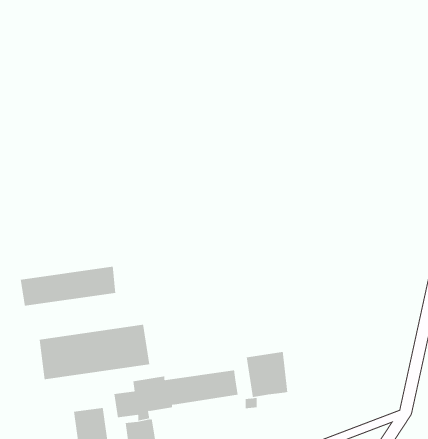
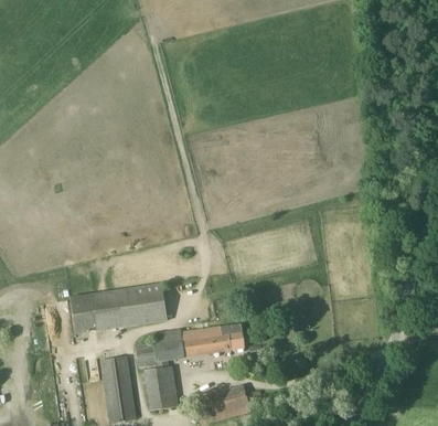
building: [20,266,116,306] -> none
building: [246,351,288,398] -> none

